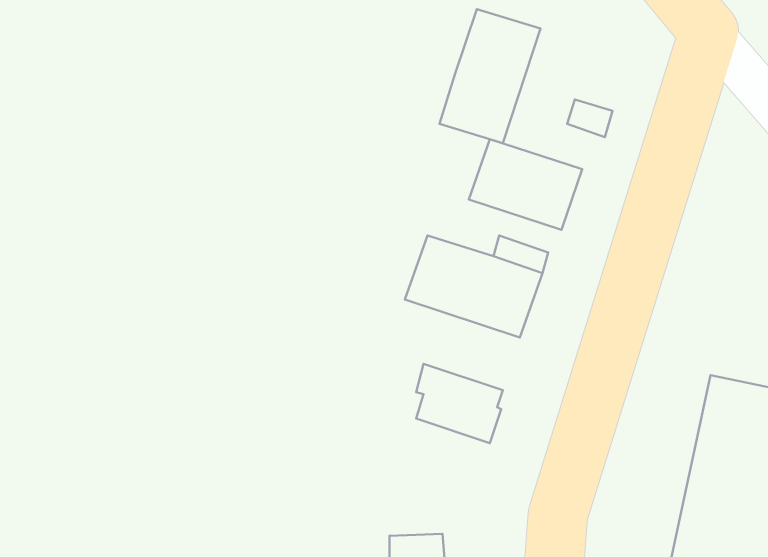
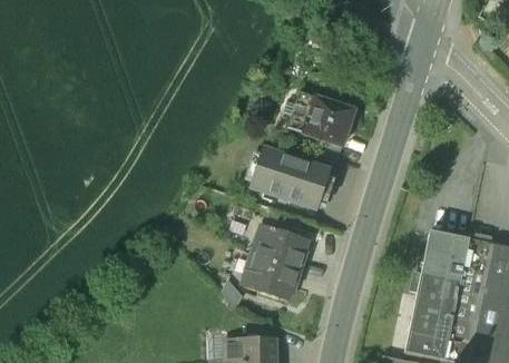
building: [439,9,540,143] -> none
building: none -> [241,256,300,300]

